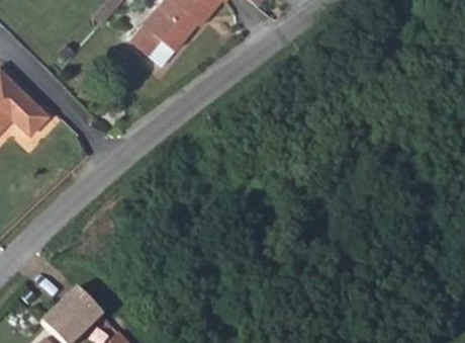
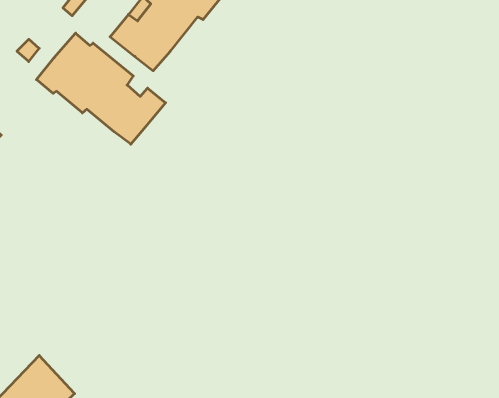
building: none -> [36,33,166,144]

